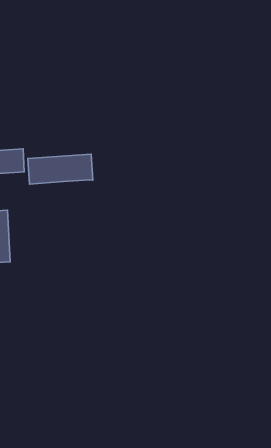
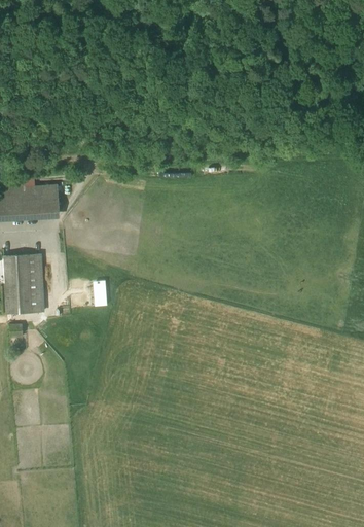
building: [28,154,93,184] -> none

